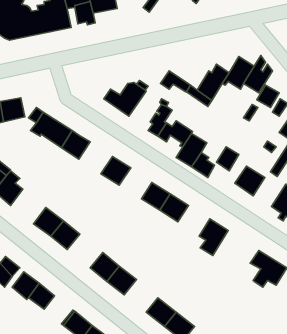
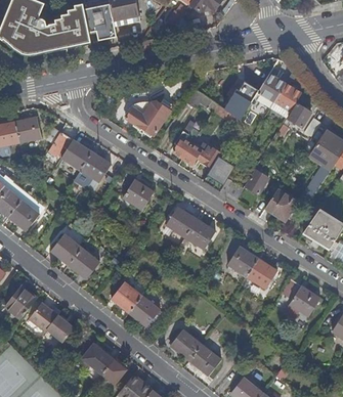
building: none -> [246,257,276,288]

